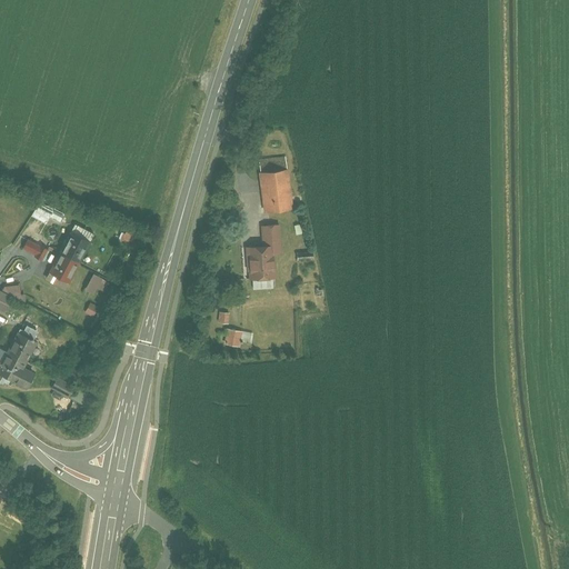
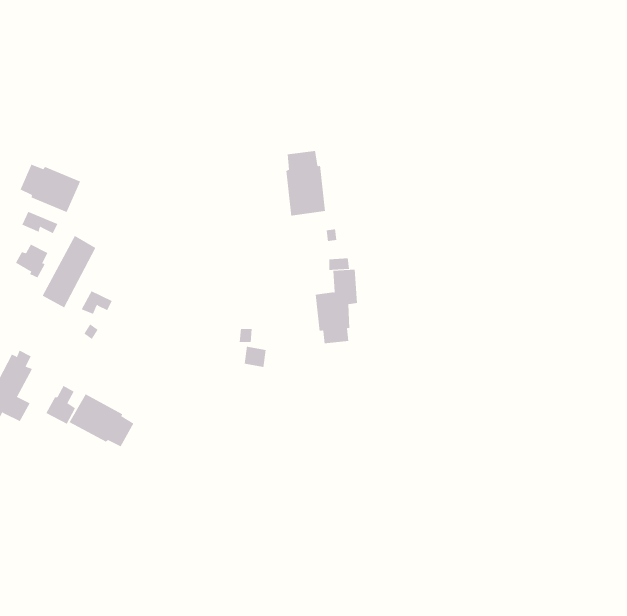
building: none -> [20,164,81,213]
building: [246,222,283,288] -> [315,269,358,344]
building: none -> [69,394,134,447]

